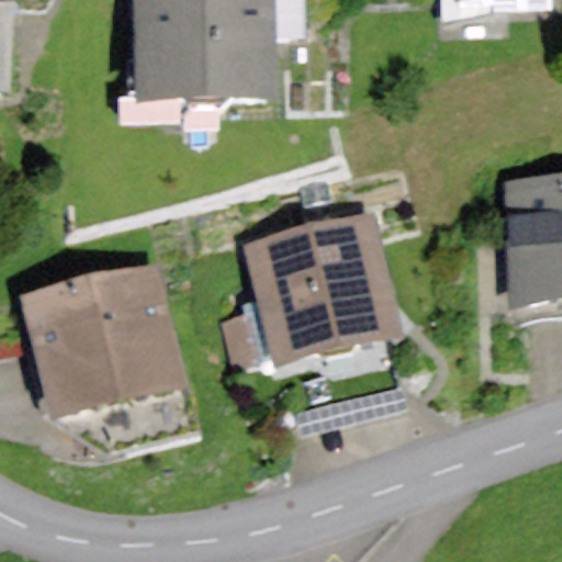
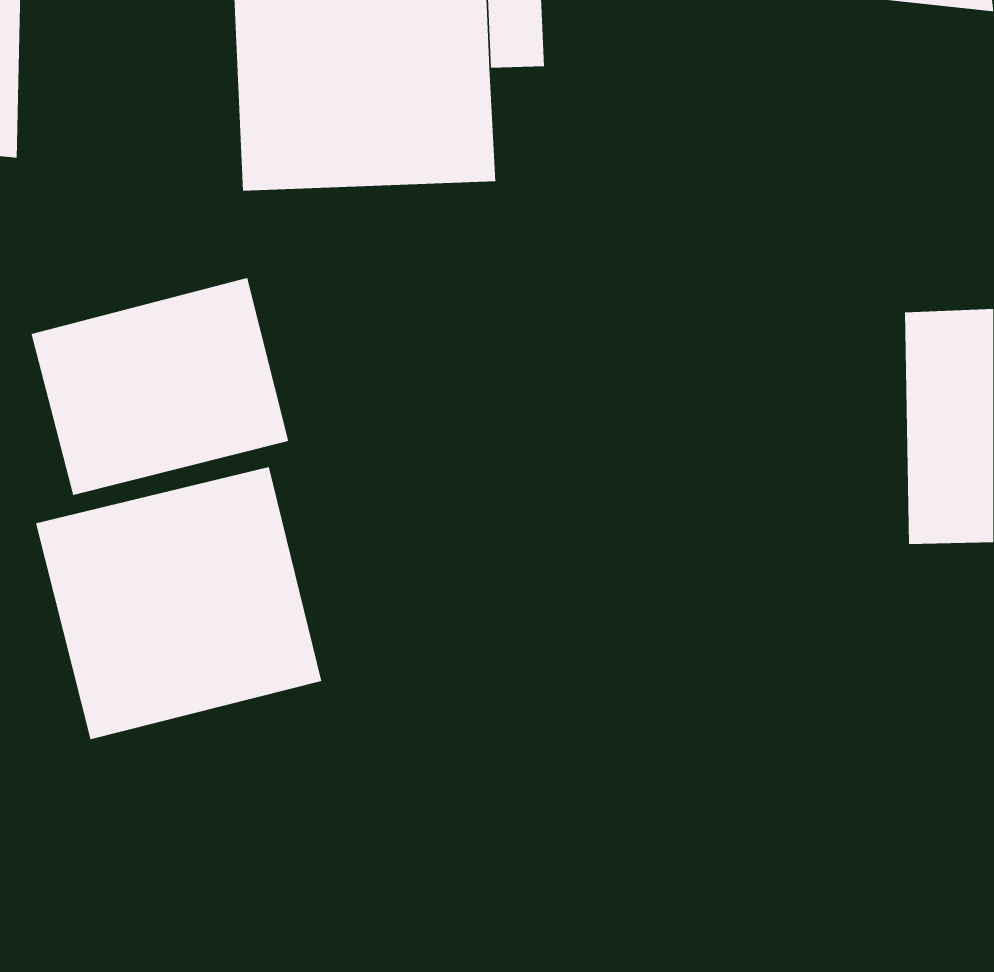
building: none -> [31,277,289,496]
building: [244,211,401,369] -> none

